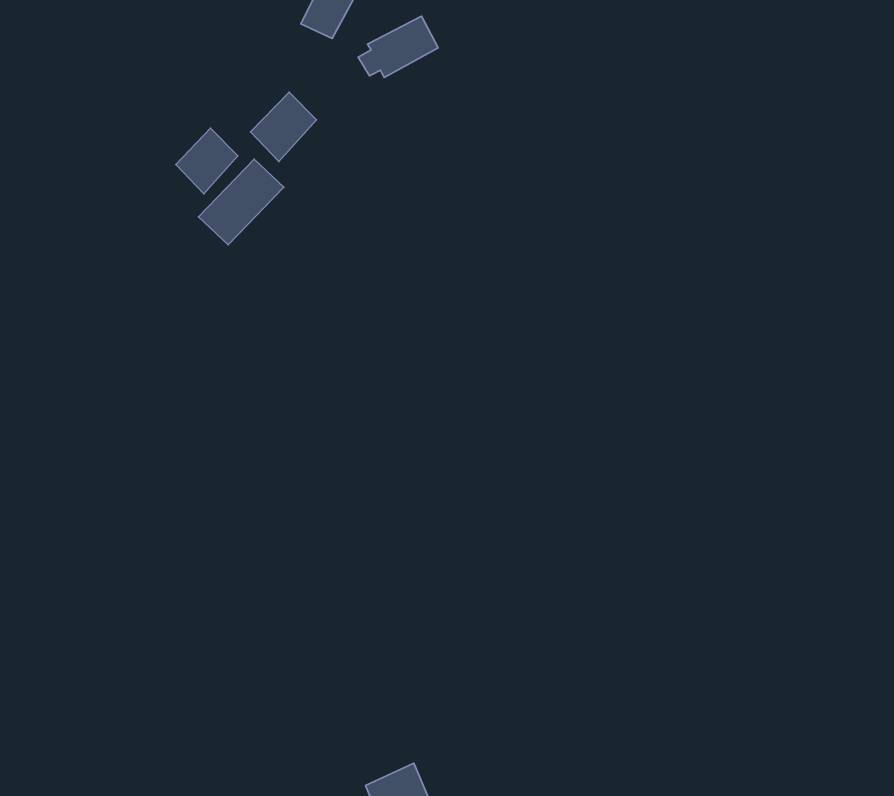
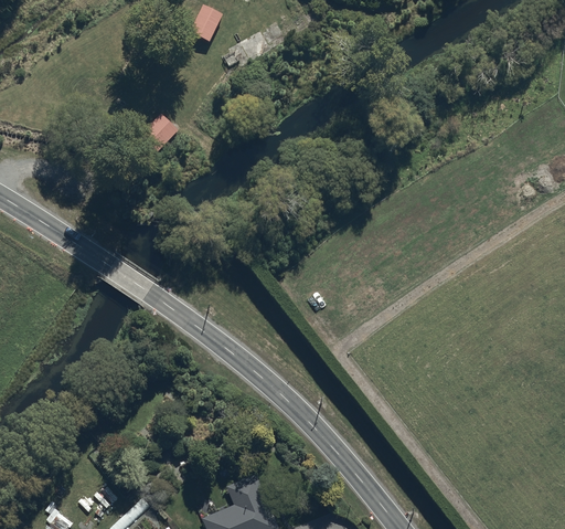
building: [250,92,317,162] -> none
building: [176,128,238,194] -> none

